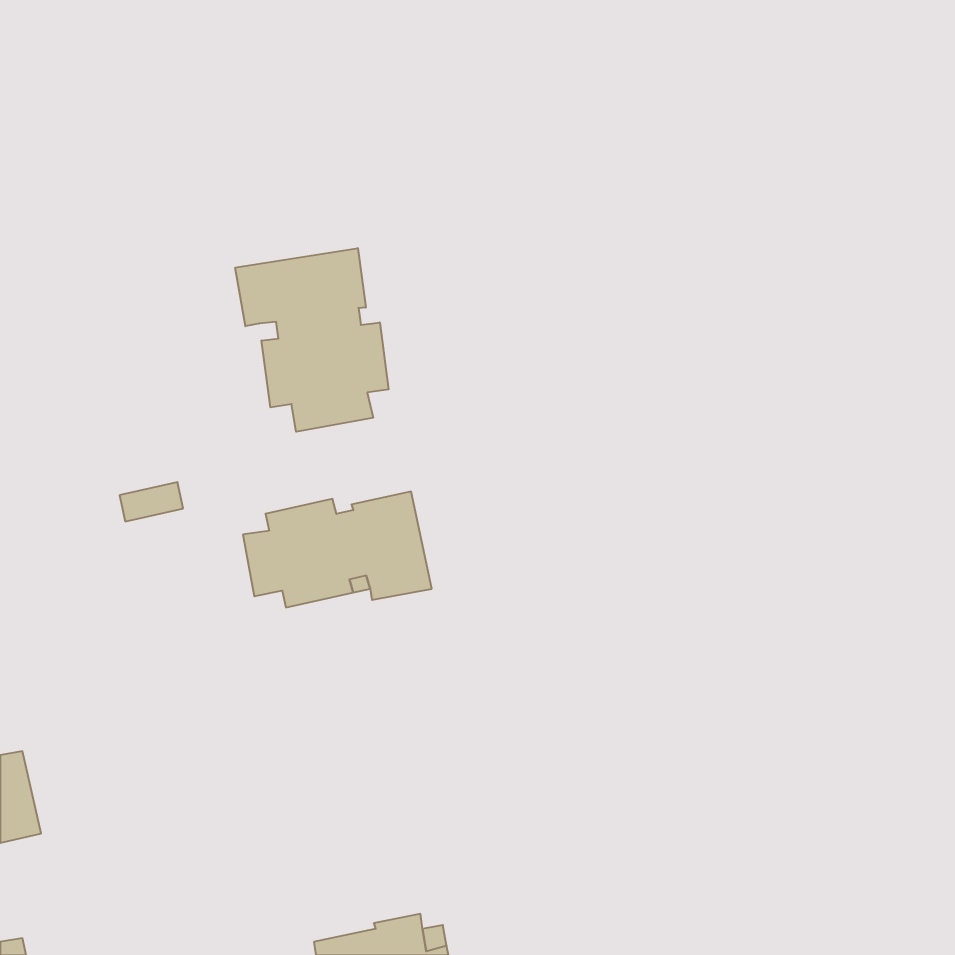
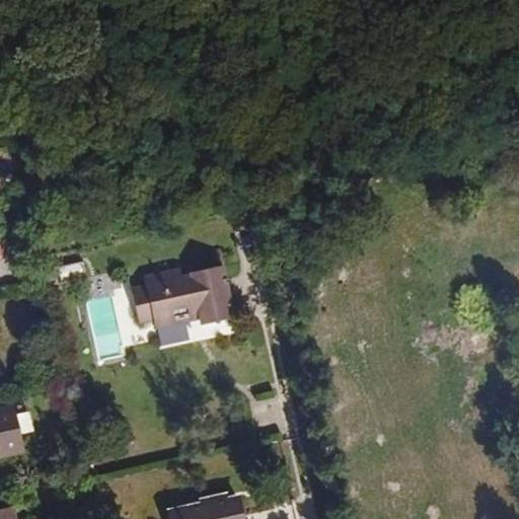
building: [235,248,389,432] -> none

